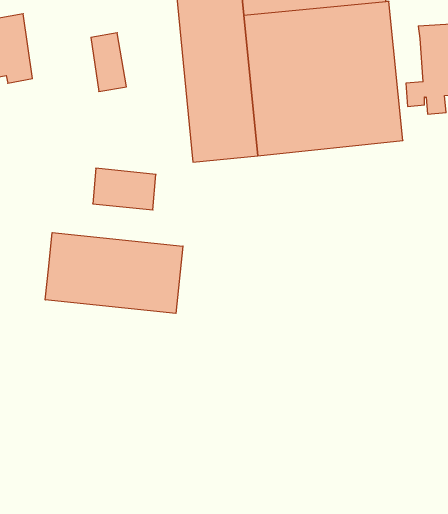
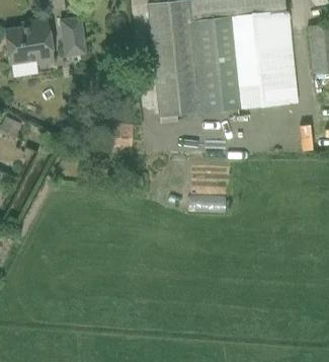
building: [91,33,126,91] -> [63,16,86,55]
building: [45,233,183,313] -> none

